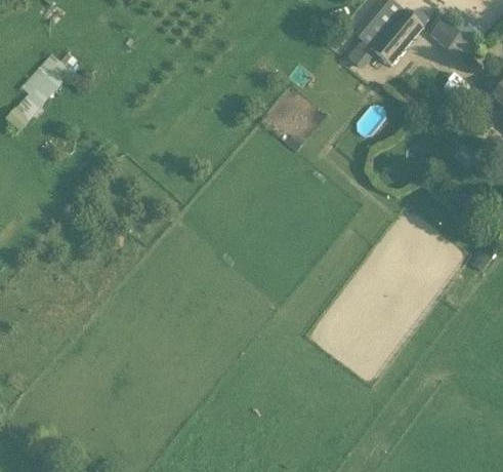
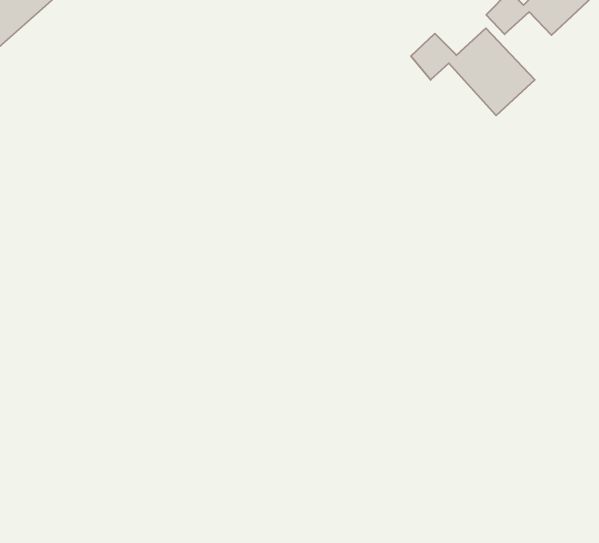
building: none -> [411,28,535,115]

